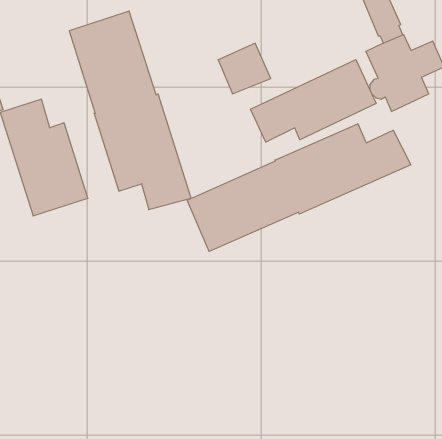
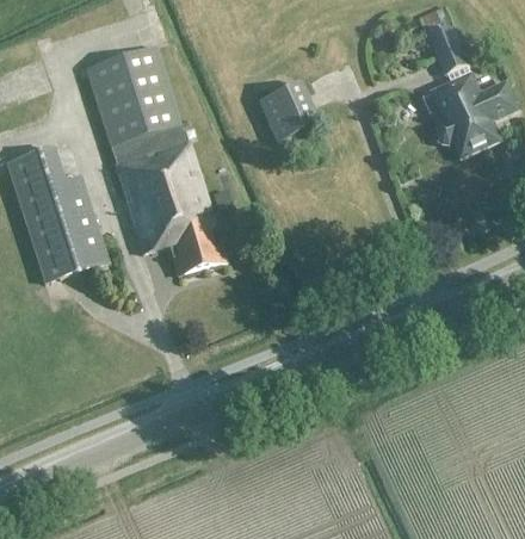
building: [251,60,376,142] -> none
building: [187,124,411,251] -> none

